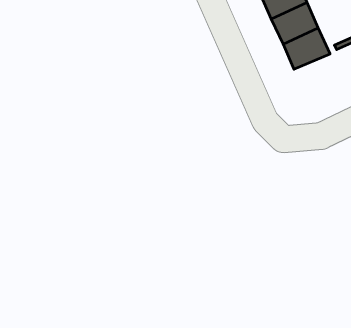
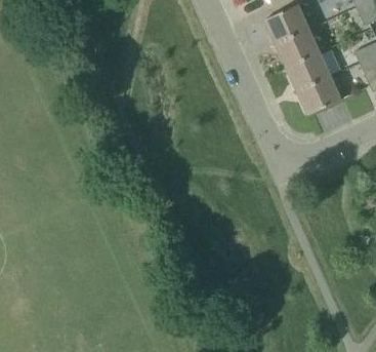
building: none -> [296,76,341,115]

